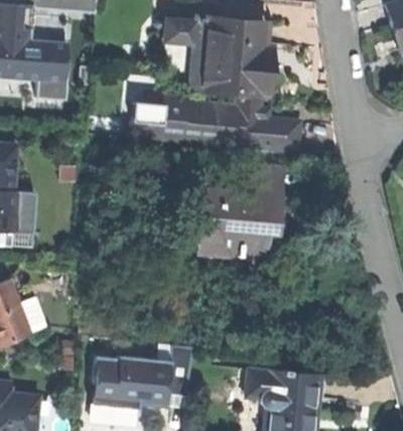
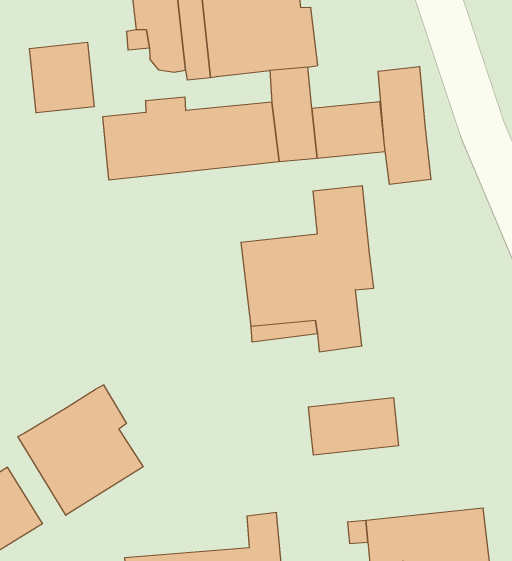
building: none -> [30,42,94,113]
building: none -> [378,66,431,184]
building: none -> [18,385,143,515]
building: none -> [308,398,398,455]

